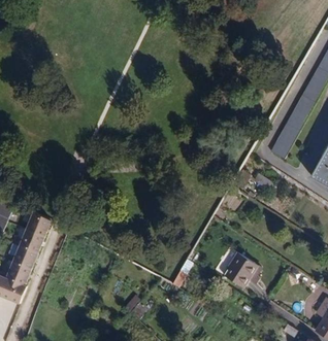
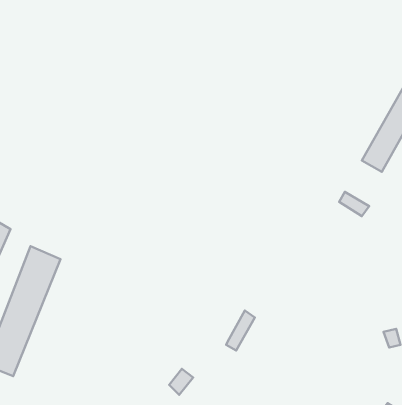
building: [223,252,257,287] -> none

